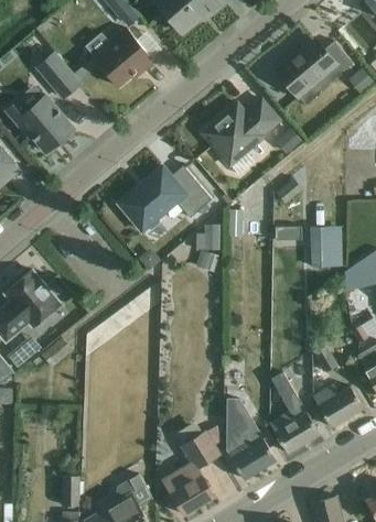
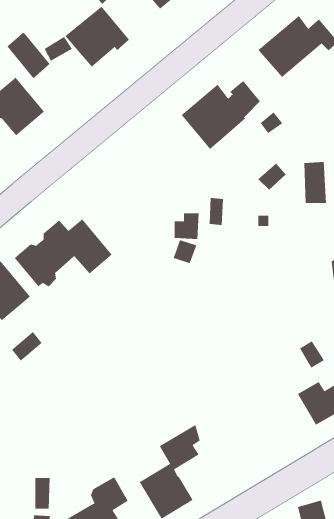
building: [118,165,212,230] -> [14,219,113,287]
building: [310,227,332,267] -> [304,162,327,203]
building: [269,373,319,453] -> none
building: [225,400,276,479] -> none

